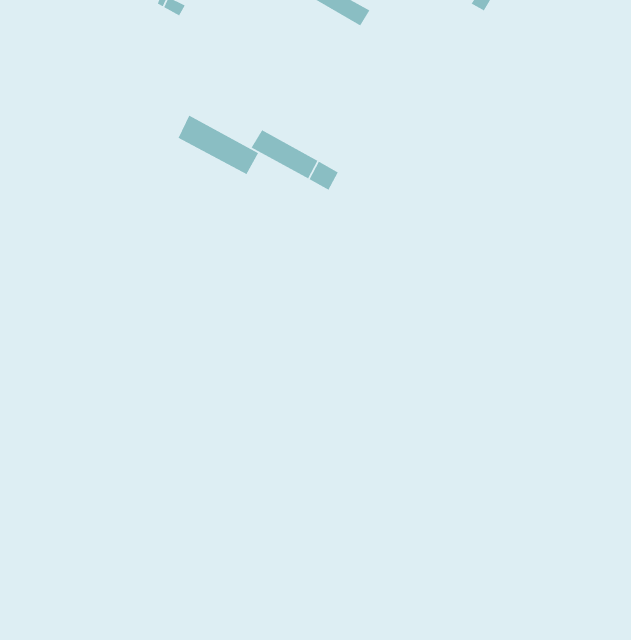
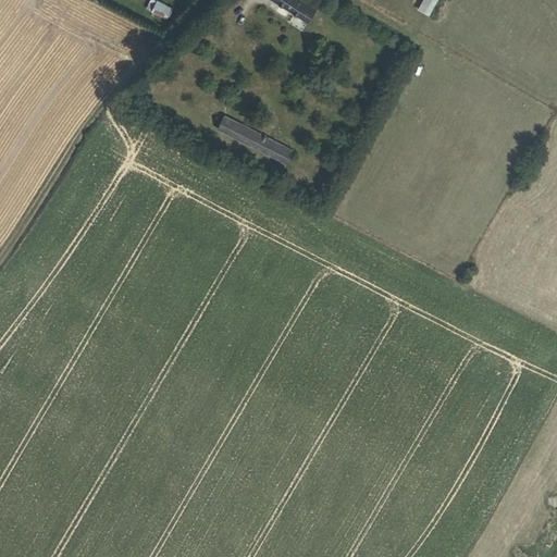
building: [177,115,259,175] -> none

